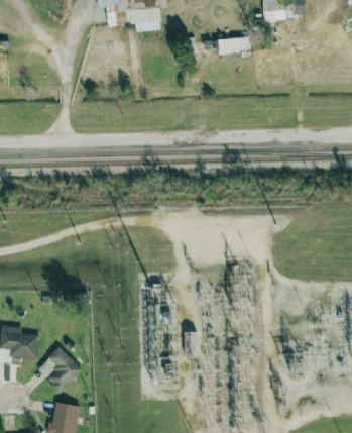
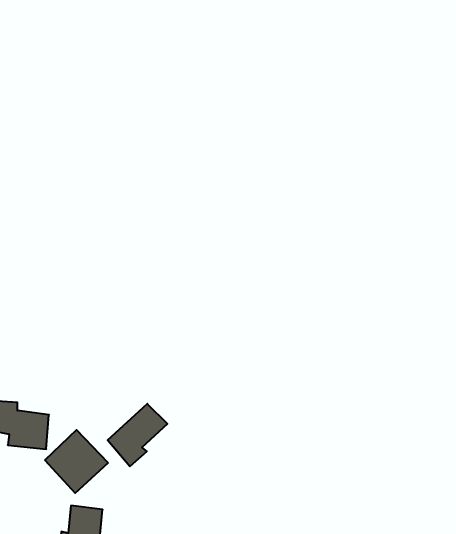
building: [214,37,244,55] -> none
building: none -> [108,404,167,466]

